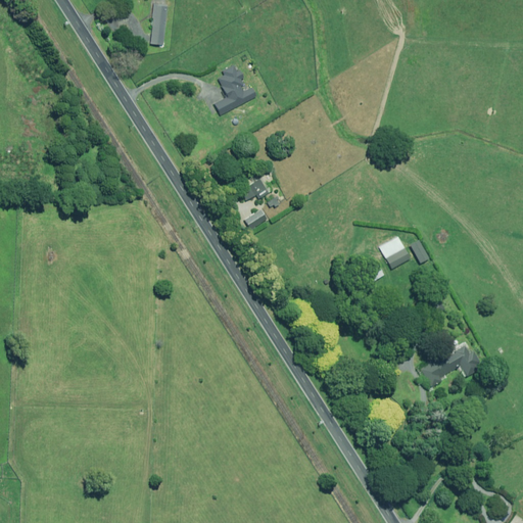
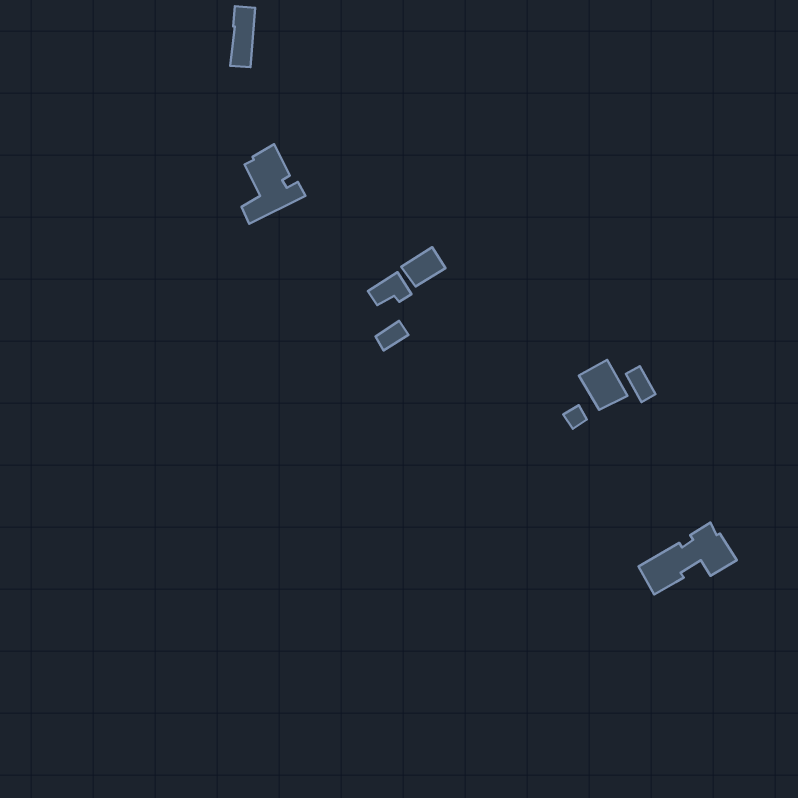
building: [215,62,256,114] -> [241,144,306,224]
building: none -> [401,247,446,287]

